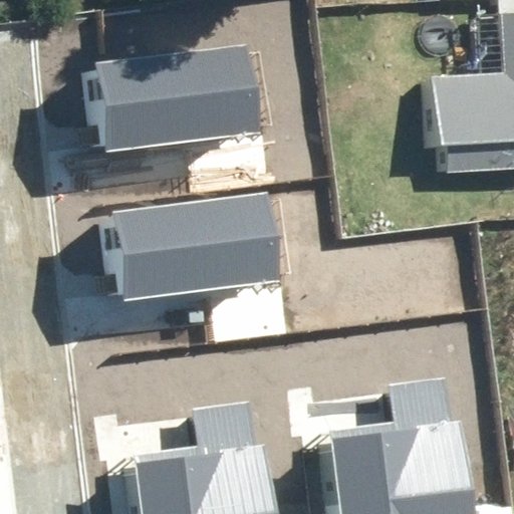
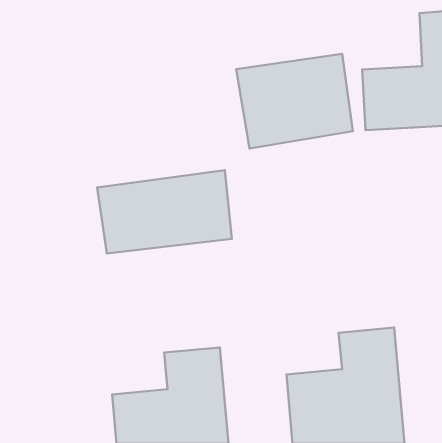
building: [99,48,255,145] -> none
building: none -> [236,54,353,148]

